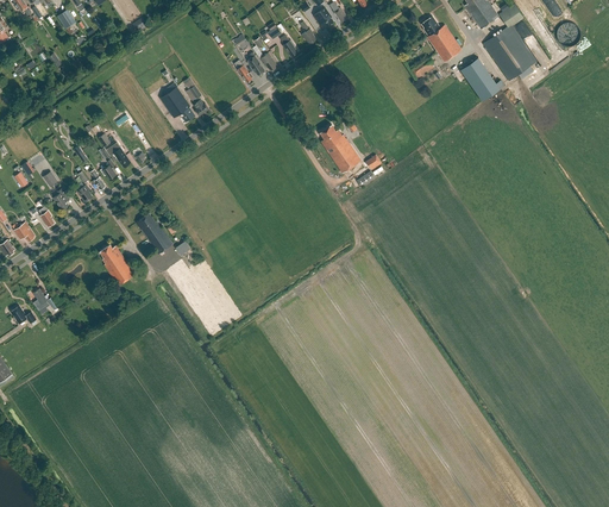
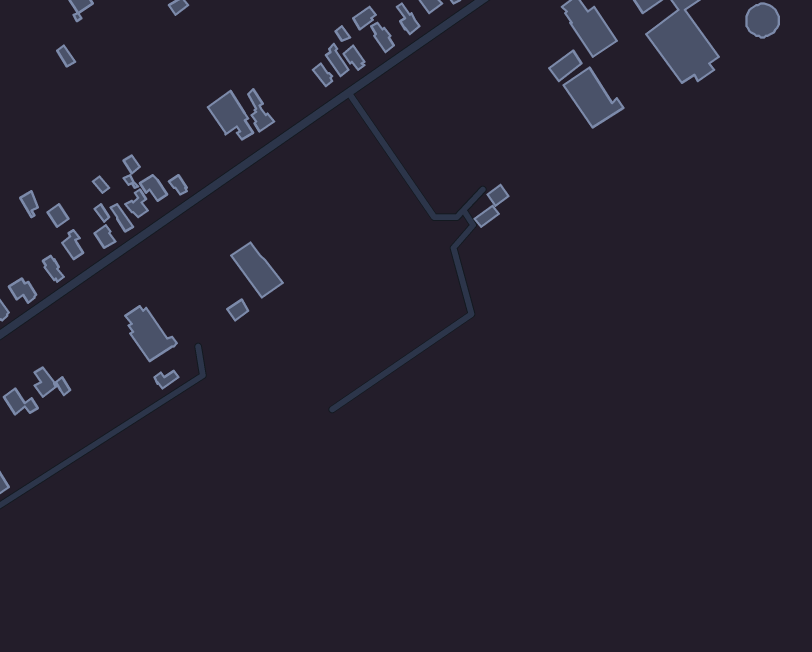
building: [463,56,507,100] -> [564,67,623,127]
building: [320,124,360,173] -> none
building: [136,213,174,254] -> [231,242,283,297]

